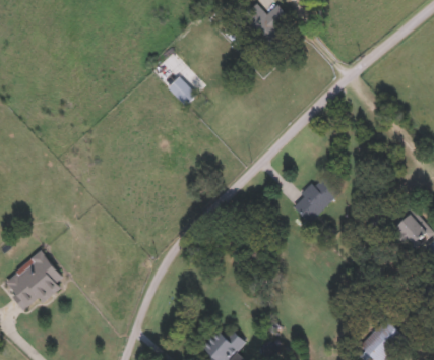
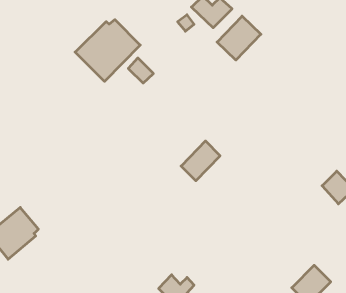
building: none -> [217,16,261,60]
building: none -> [75,20,140,81]
building: [292,175,337,222] -> [181,141,220,181]

